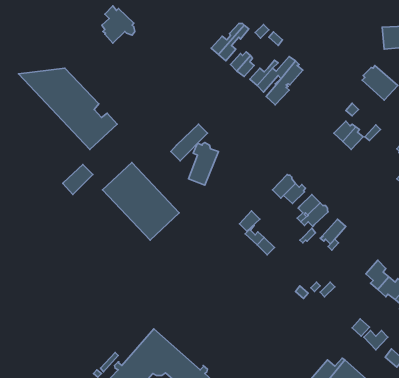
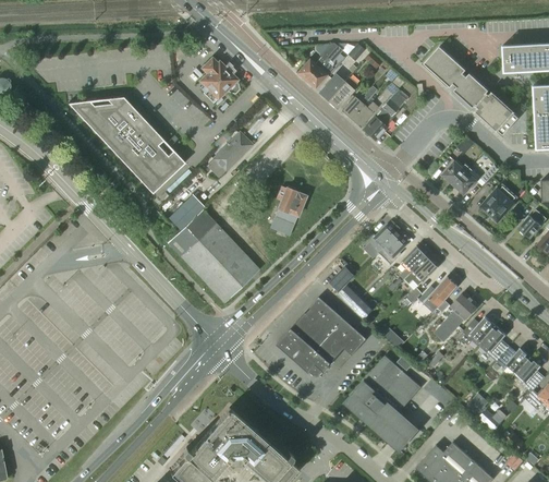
building: [102,6,135,43] -> [199,59,239,104]
building: none -> [426,46,489,108]
building: [171,124,208,161] -> [207,134,251,178]
building: none -> [481,189,514,221]
building: [63,164,93,195] -> [168,194,204,230]
building: none -> [420,292,478,356]
building: none -> [283,297,367,375]
building: none -> [461,317,496,346]
building: none -> [343,356,422,453]

